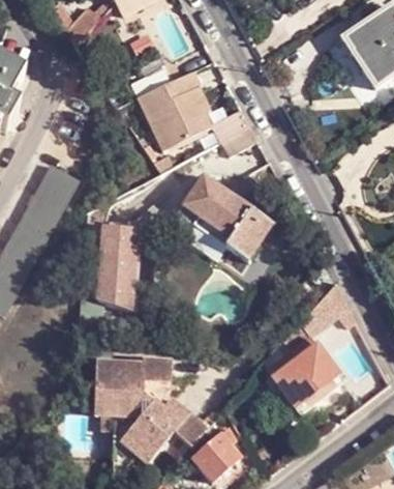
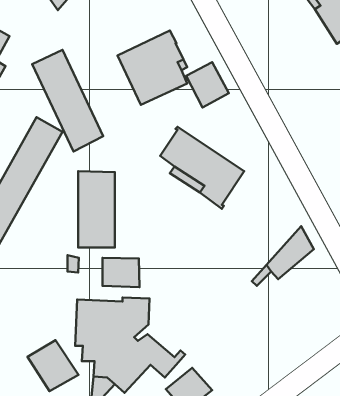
building: none -> [32,50,103,152]
building: none -> [103,258,139,287]
building: [268,339,343,413] -> none
building: none -> [27,340,78,391]

